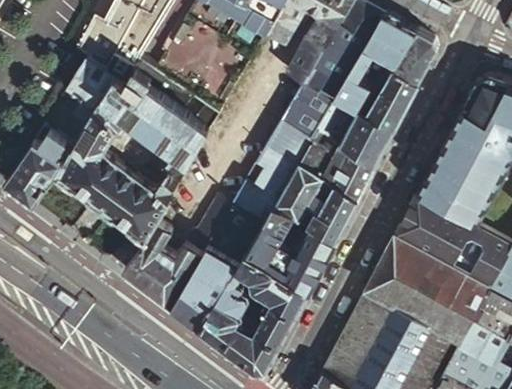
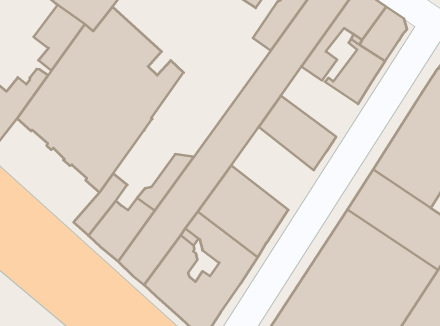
building: [318,99,396,166] -> none
building: [275,163,358,243] -> none

